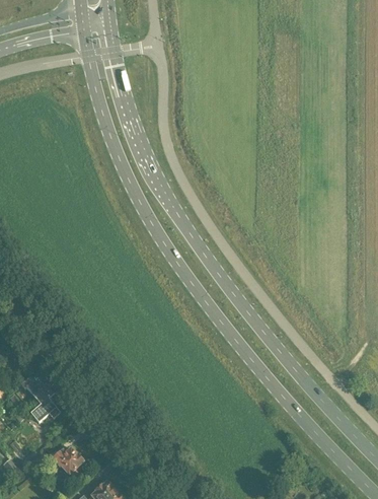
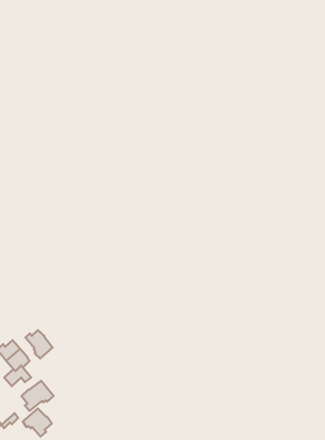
building: none -> [26,330,53,358]
building: none -> [21,381,53,411]

